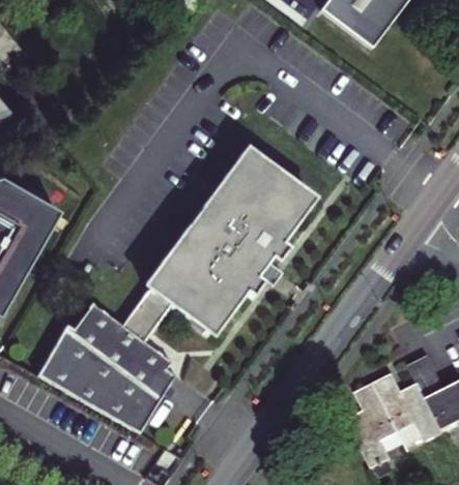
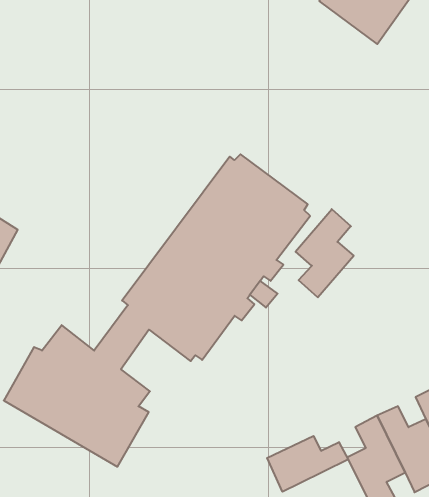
building: none -> [296,209,354,297]
building: none -> [267,436,348,492]

